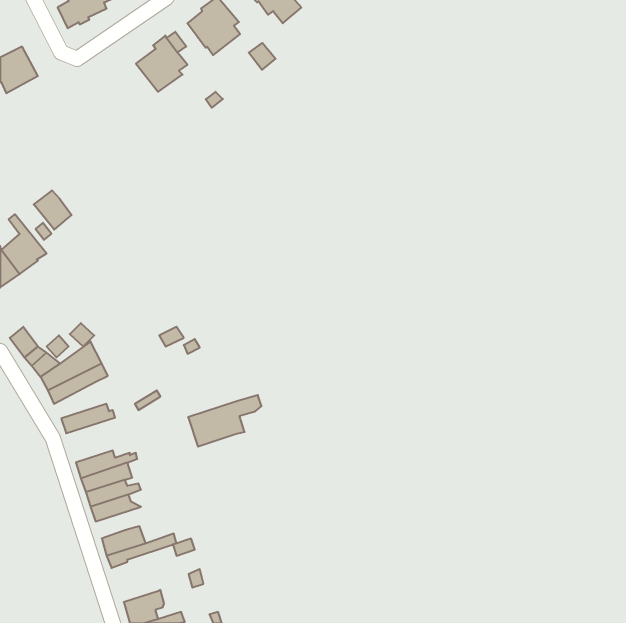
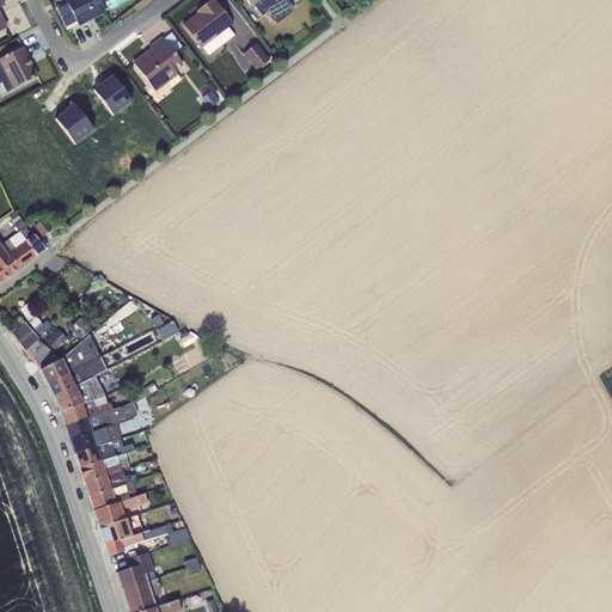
building: none -> [92,73,131,114]
building: none -> [55,103,93,142]
building: [34,190,72,230] -> none
building: none -> [53,373,104,409]
building: [188,395,262,447] -> [65,402,136,452]
building: none -> [93,492,147,526]
building: none -> [115,551,154,588]

